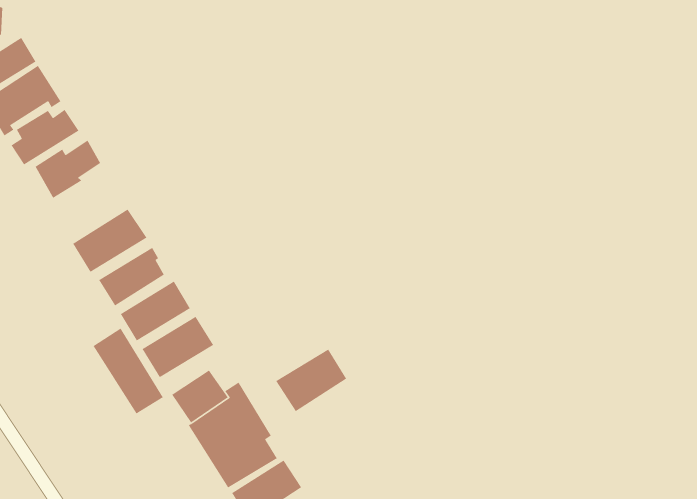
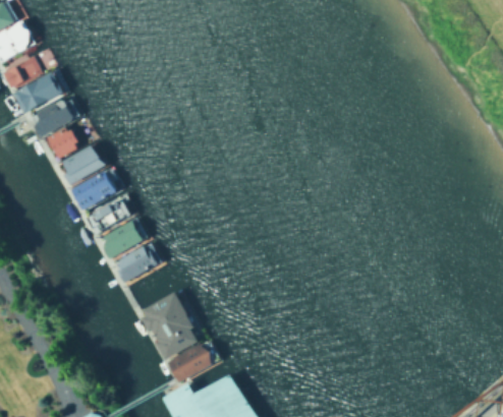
building: none -> [63,144,104,183]
building: [92,327,164,415] -> none
building: [275,348,347,412] -> none

